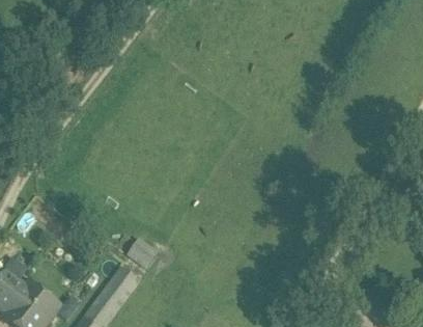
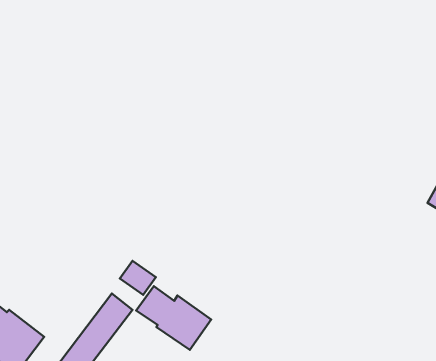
building: none -> [136,286,211,350]

